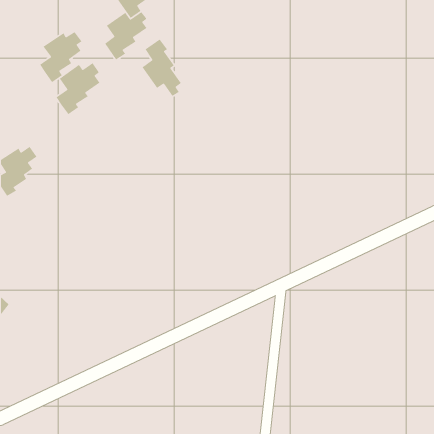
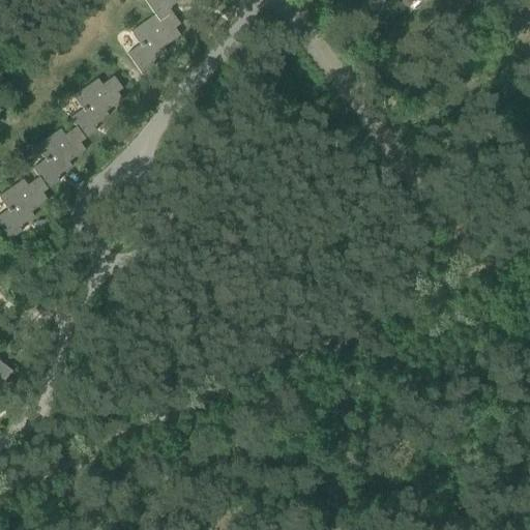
building: [39,31,82,83] -> [32,127,85,190]
building: [142,38,182,97] -> none

